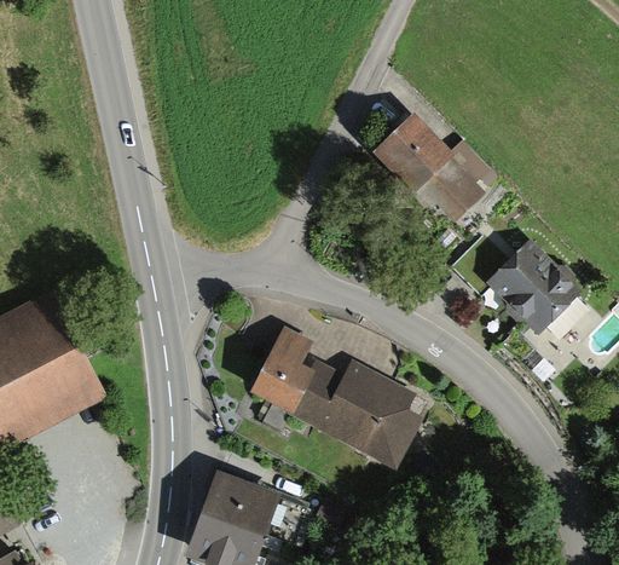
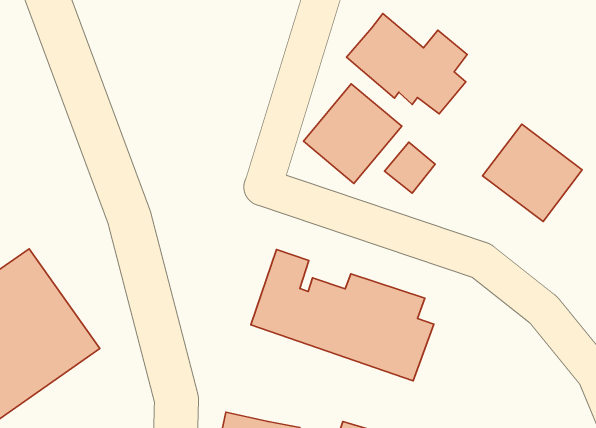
building: none -> [303,84,402,183]
building: [457,235,505,283] -> [385,142,435,193]

